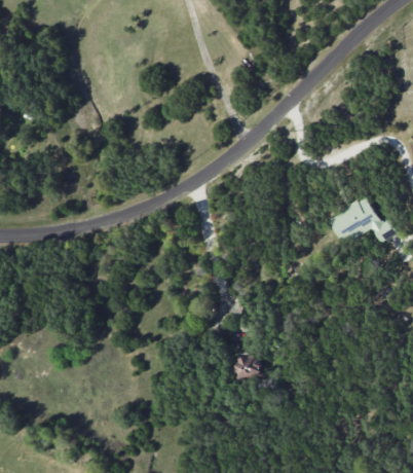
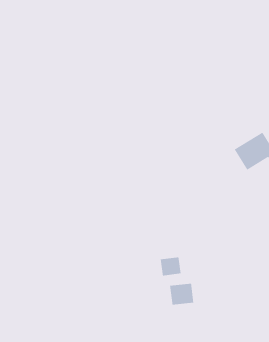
building: none -> [170,283,194,305]

